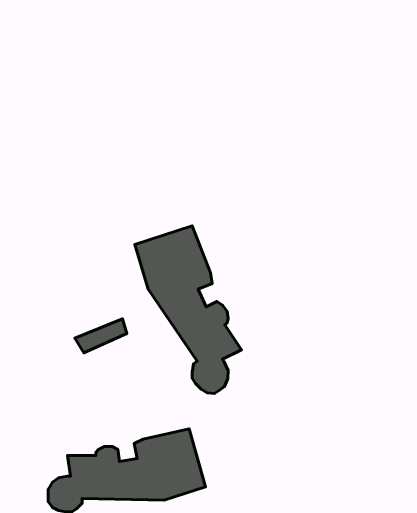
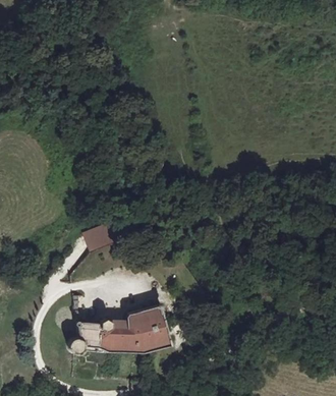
building: [135,226,241,393] -> none

